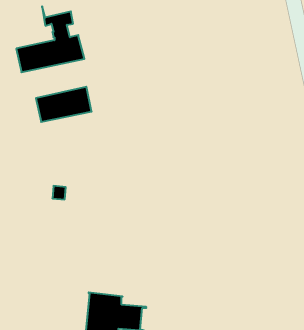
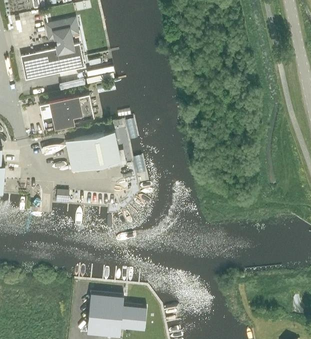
building: none -> [66,132,121,172]

